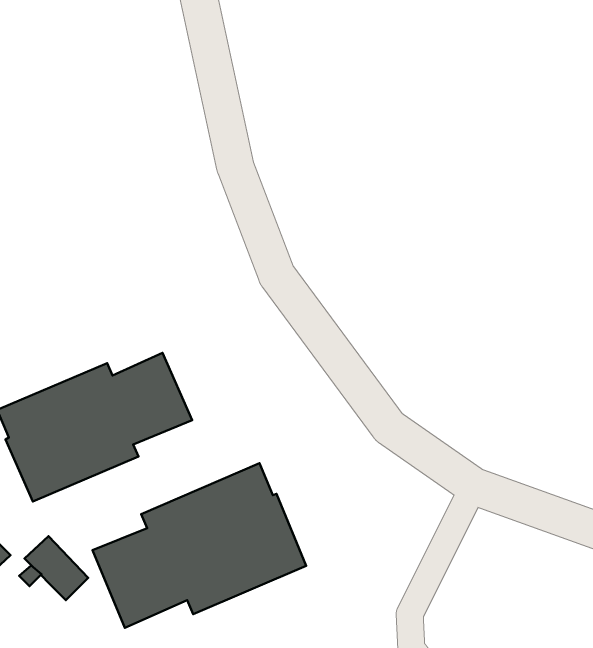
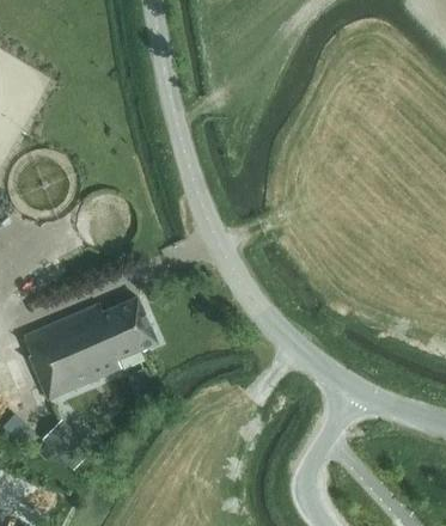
building: [93,463,306,628] -> none

